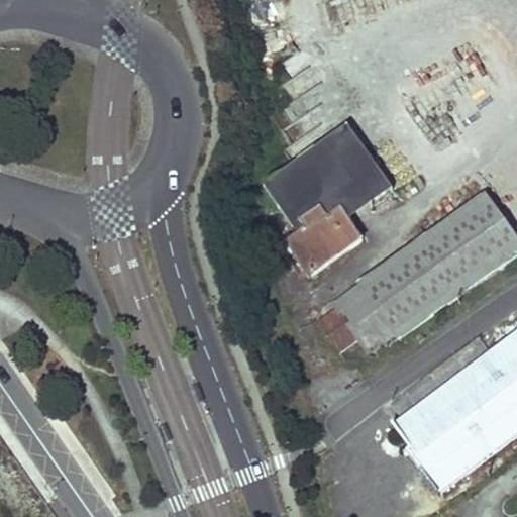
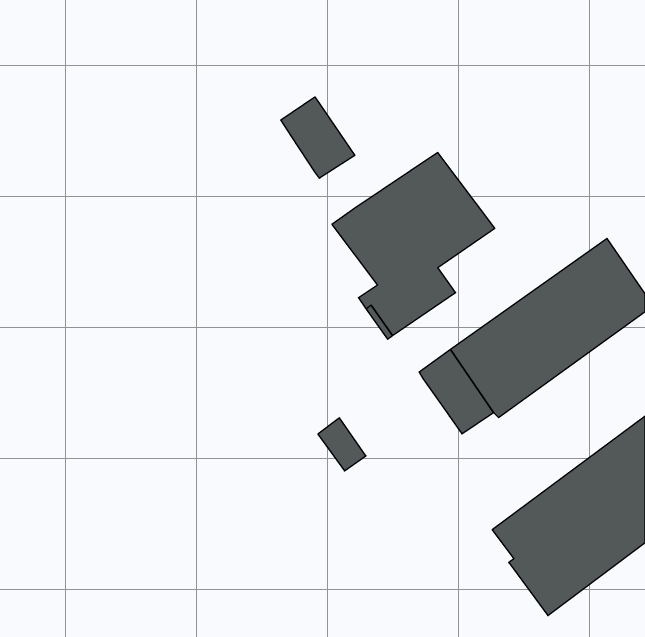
building: none -> [281,97,355,178]
building: [321,303,359,345] -> [318,418,366,471]

